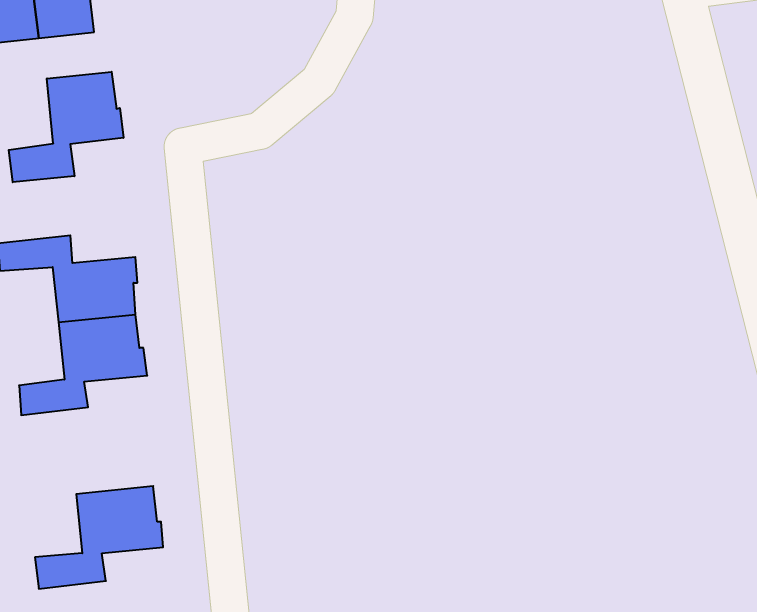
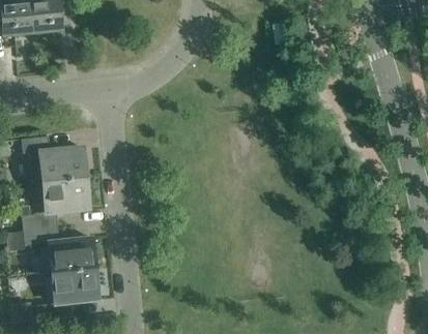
building: [9,72,123,182] -> none
building: none -> [23,226,93,272]

